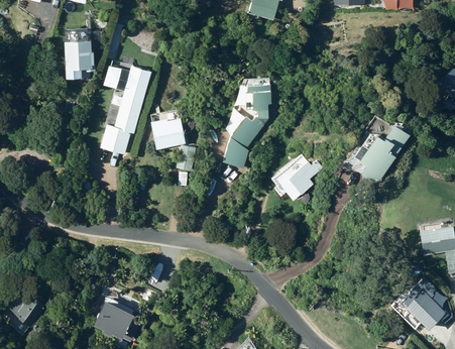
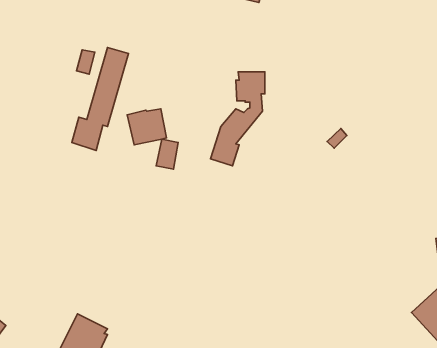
building: [63,29,92,70] -> none
building: [360,125,410,182] -> none
building: [271,159,323,201] -> none

